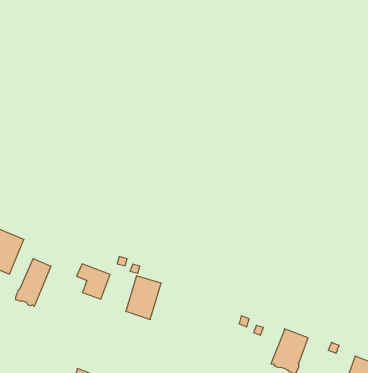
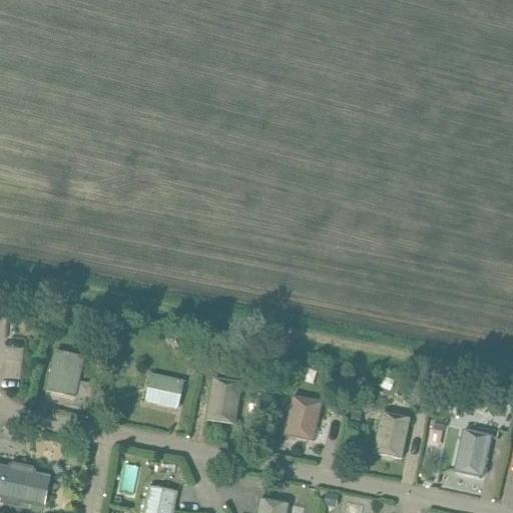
building: [16,259,51,306] -> none
building: none -> [285,396,321,440]

